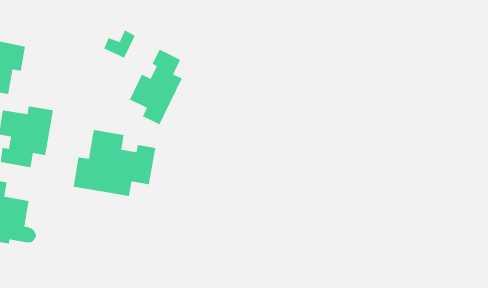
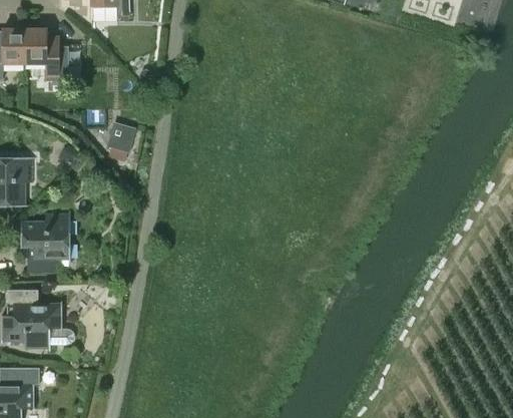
building: [129,49,183,125] -> none
building: [73,129,156,197] -> none

